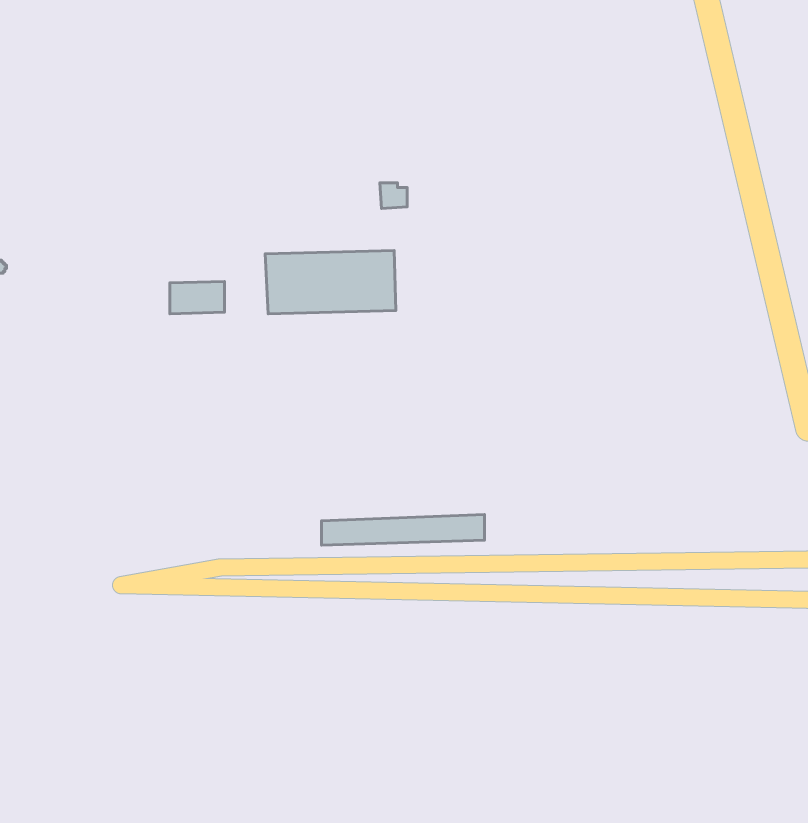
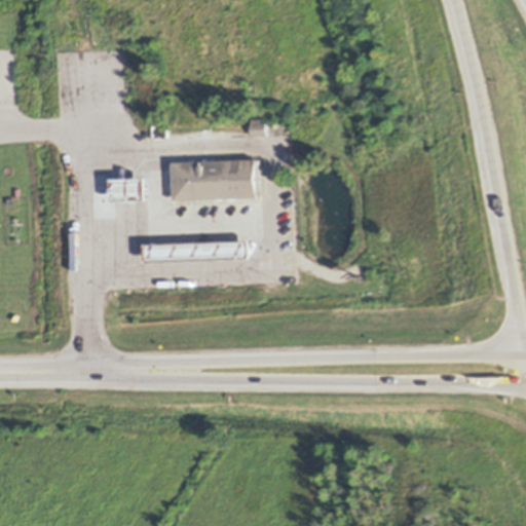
building: [321,514,485,545] -> [144,241,248,261]

